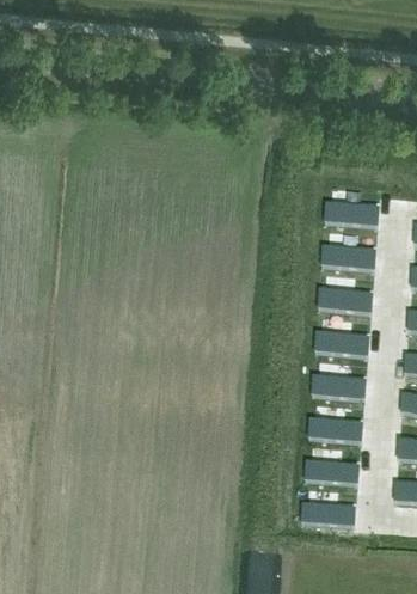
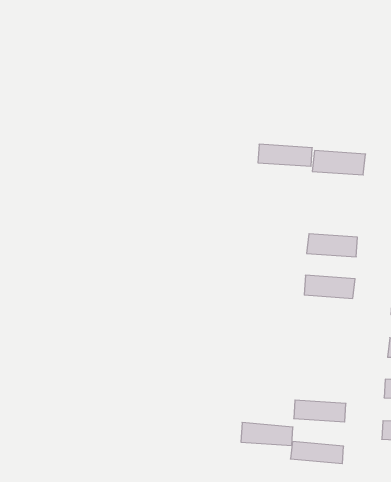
building: [320,245,376,268] -> [258,144,312,166]
building: [312,374,364,399] -> none
building: [308,417,362,441] -> [241,422,293,445]

